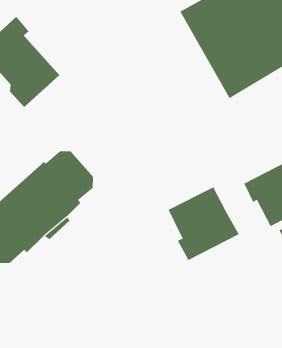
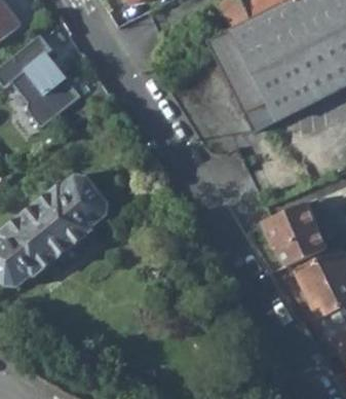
building: [168,187,239,261] -> none

